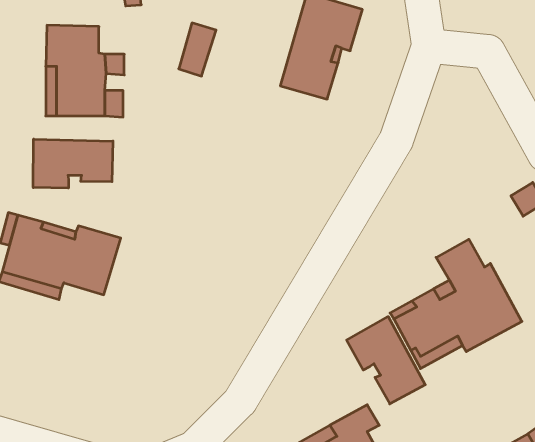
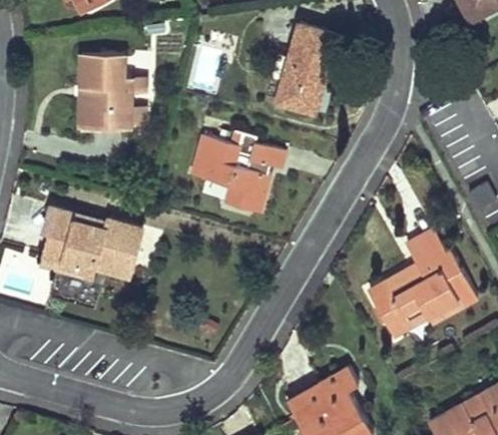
building: none -> [191,132,288,212]
building: [33,139,113,188] -> none
building: [347,317,425,404] -> none

